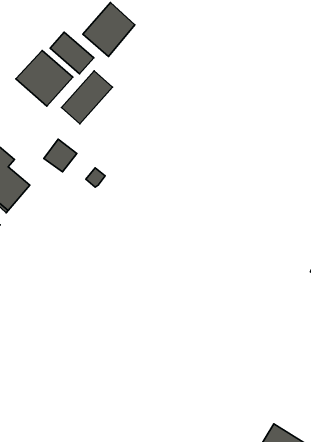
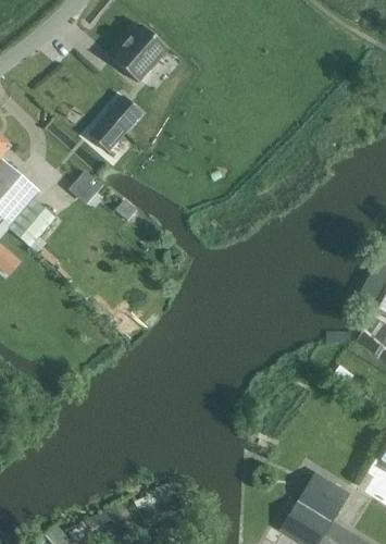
building: [50,32,94,74] -> none
building: [16,51,73,106] -> none

